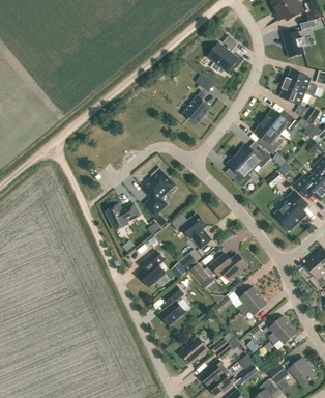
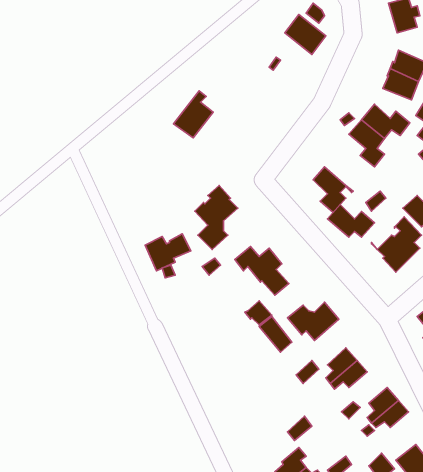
building: [182,90,211,124] -> [173,91,213,138]
building: [237,144,271,168] -> [327,204,374,237]
building: [139,250,165,286] -> none
building: [159,285,185,325] -> none
building: [180,337,209,364] -> none

